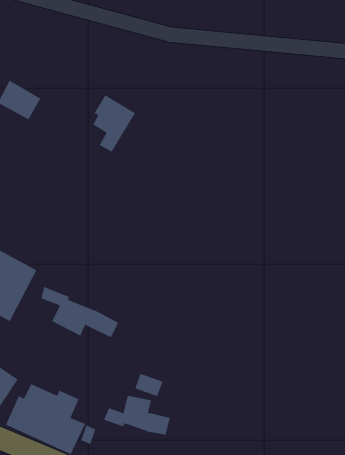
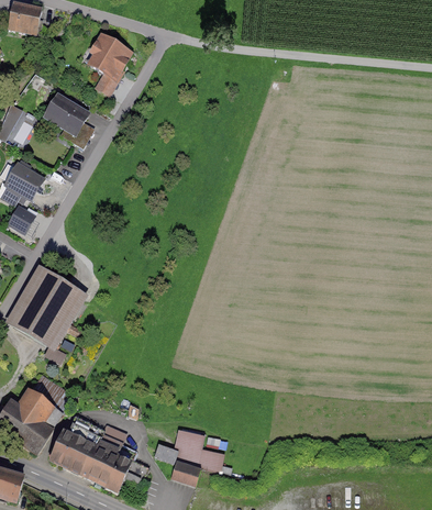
building: [92,95,136,152] -> [88,31,134,92]
building: [41,286,119,338] -> none
building: [135,373,164,397] -> [171,459,202,485]

